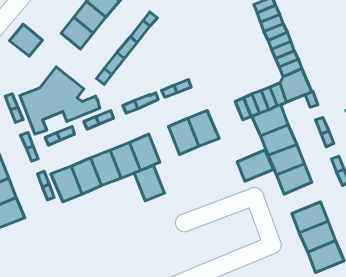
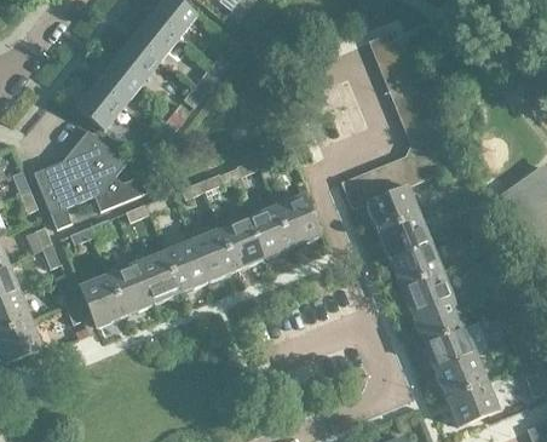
building: [10,24,43,56] -> [74,84,121,130]
building: [237,150,274,181] -> [413,298,465,343]
building: [134,165,164,201] -> [219,218,263,269]

